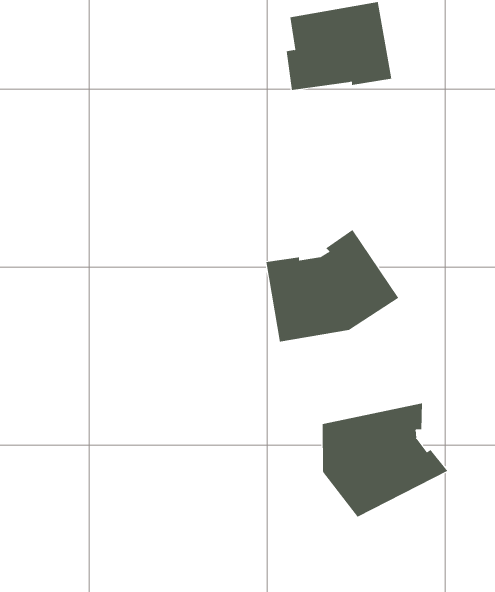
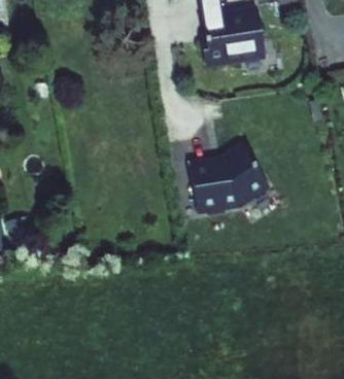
building: [322,403,448,518] -> none

